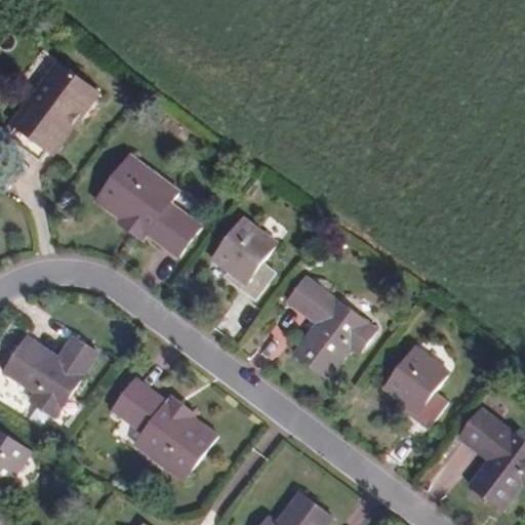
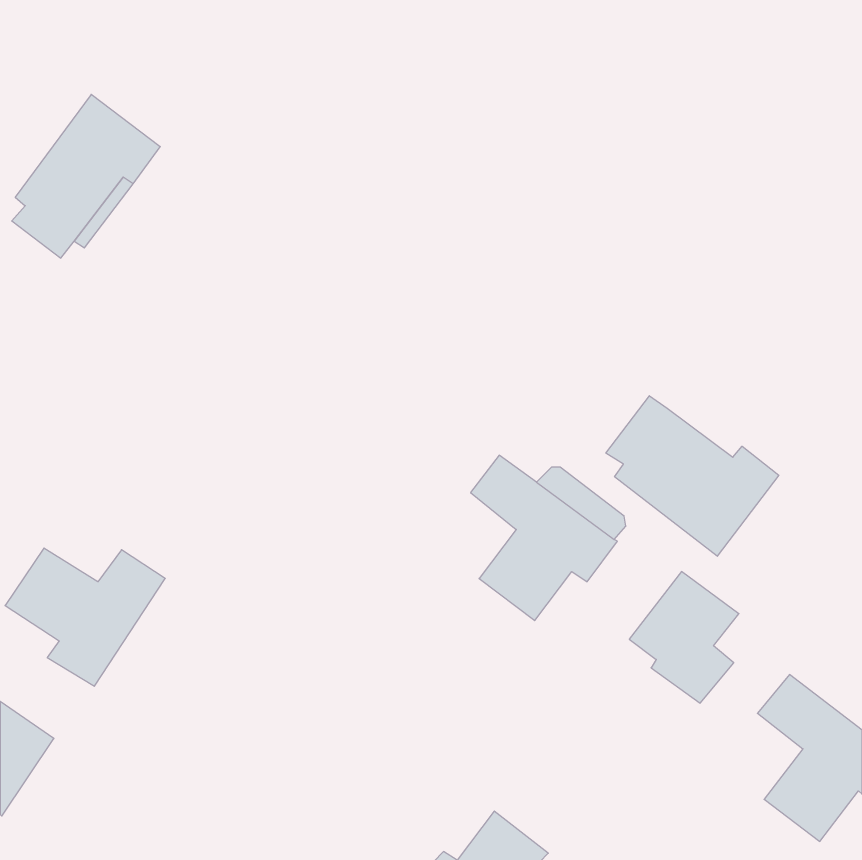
building: [95,152,200,255] -> none
building: [210,216,276,297] -> none
building: none -> [606,396,779,556]
building: [111,378,215,481] -> none

